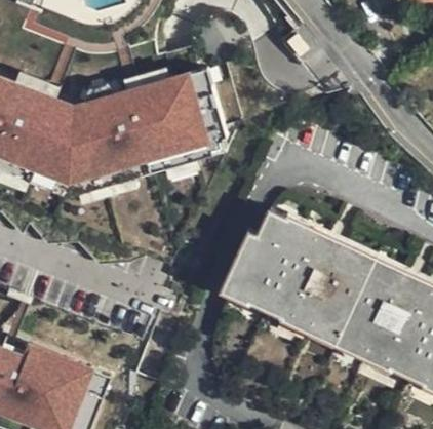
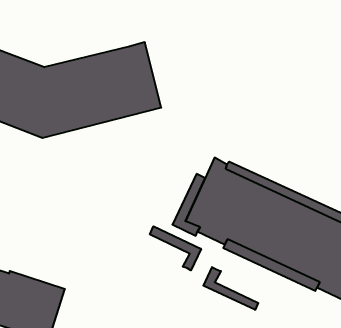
building: none -> [150,226,201,270]
building: none -> [203,267,258,310]

